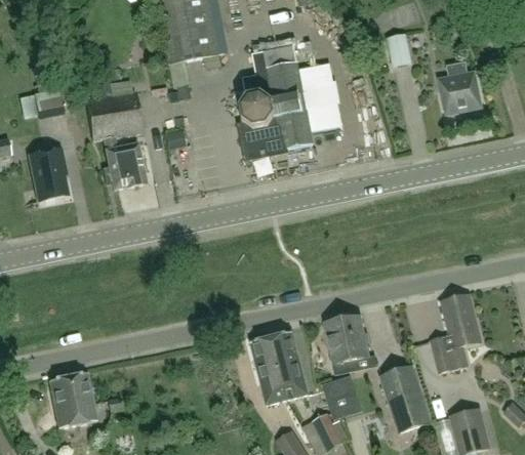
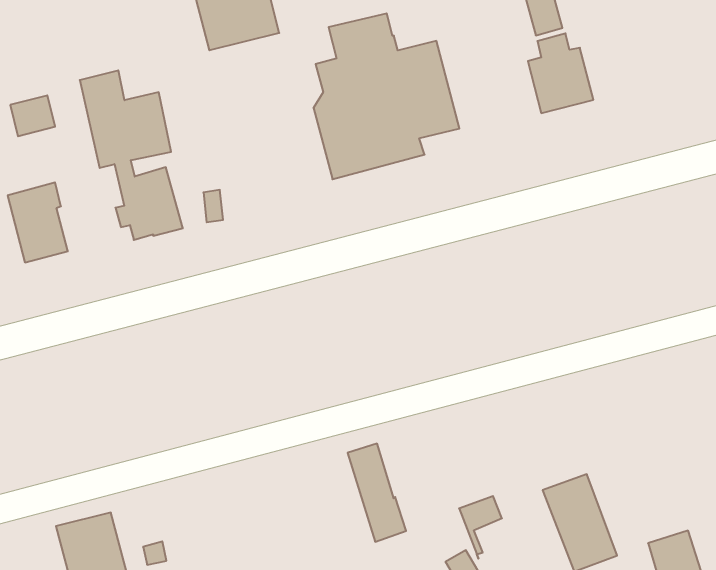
building: [439,60,482,114] -> [528,33,593,113]
building: [431,293,482,372] -> none
building: [325,315,368,372] -> none
building: [271,332,308,398] -> none

